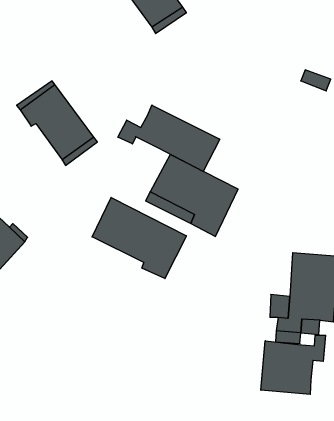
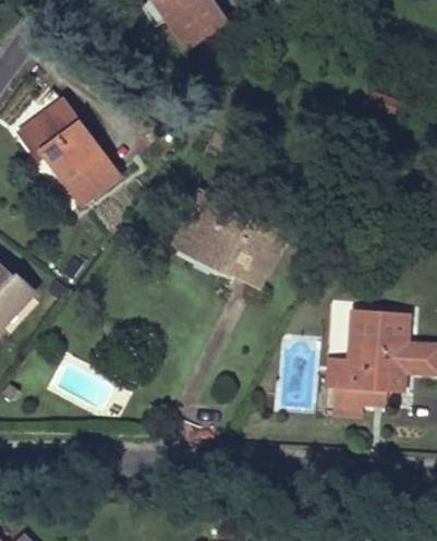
building: [118,105,220,171] -> none
building: [92,197,186,279] -> none
building: [261,335,326,394] -> none

